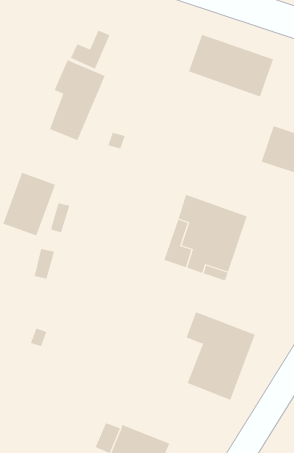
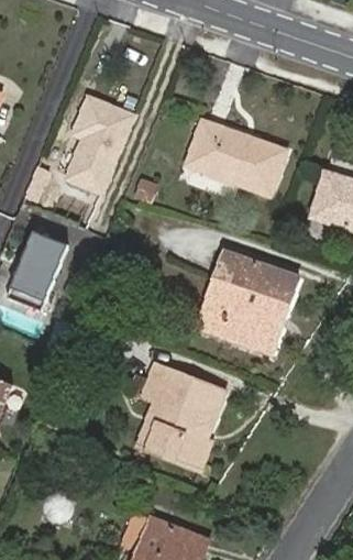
building: [70,30,110,69] -> none
building: [188,34,274,97] -> [186,121,285,194]
building: [186,312,256,400] -> [143,364,223,466]

